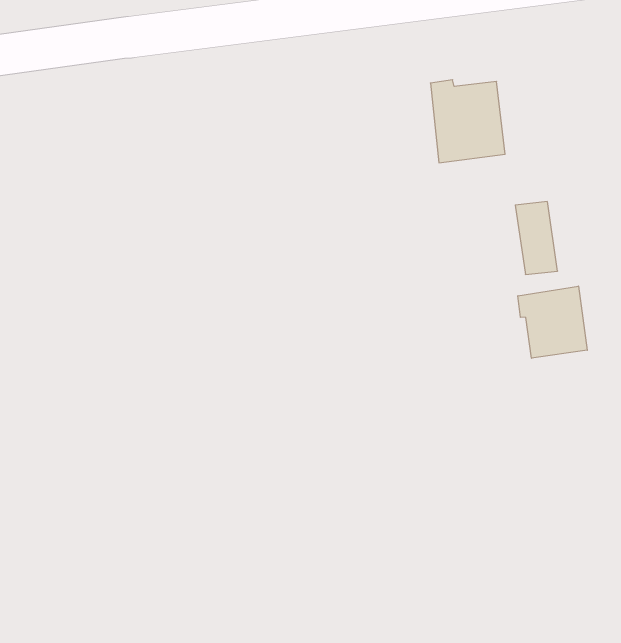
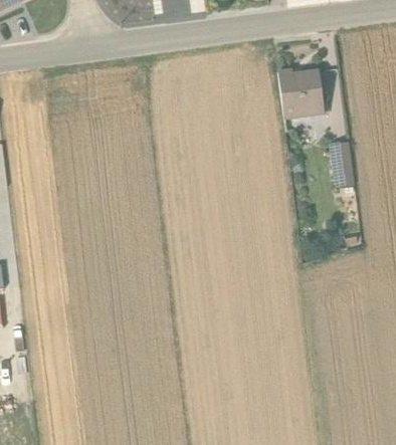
building: [518,286,587,358] -> none

